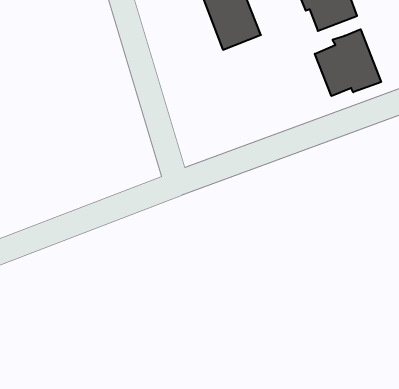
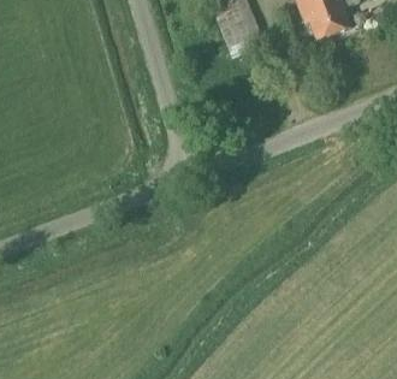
building: [315,29,381,96] -> none

